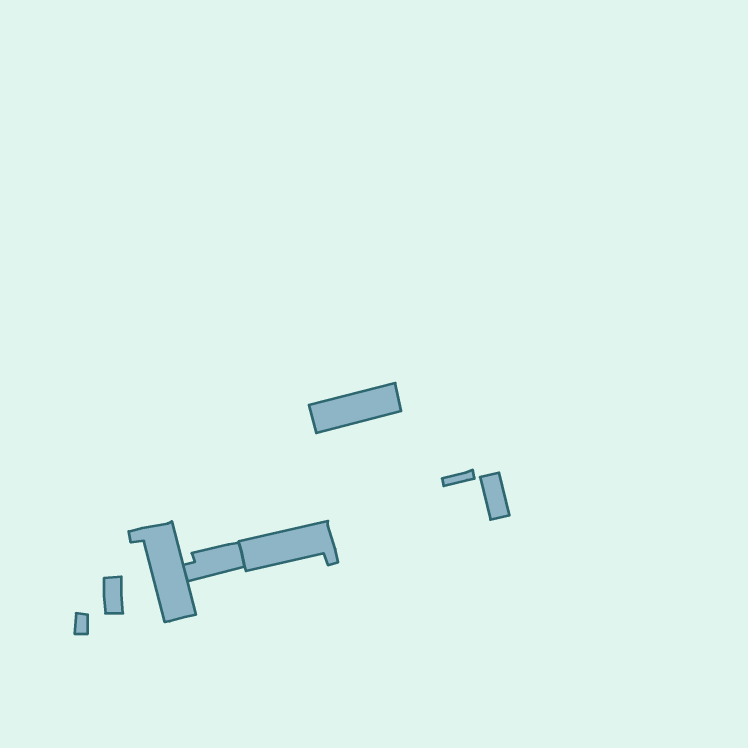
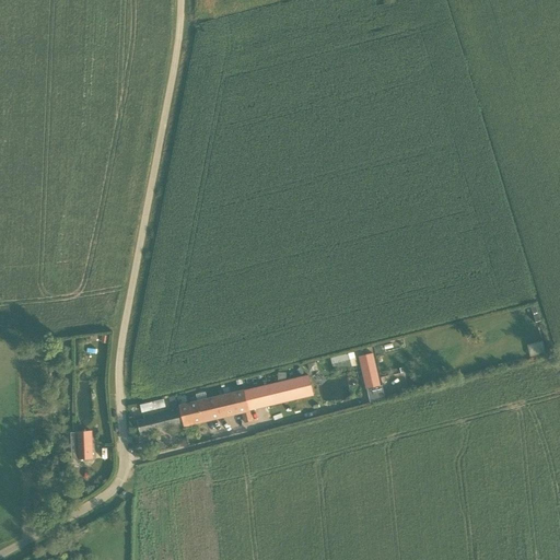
building: [309,383,401,433] -> [245,373,314,410]
building: [129,521,196,622] -> none

